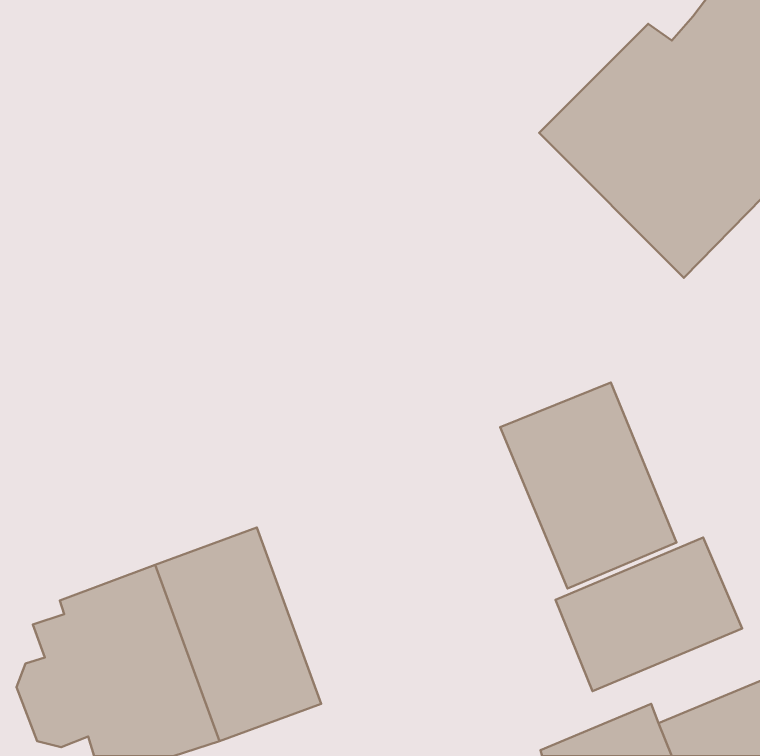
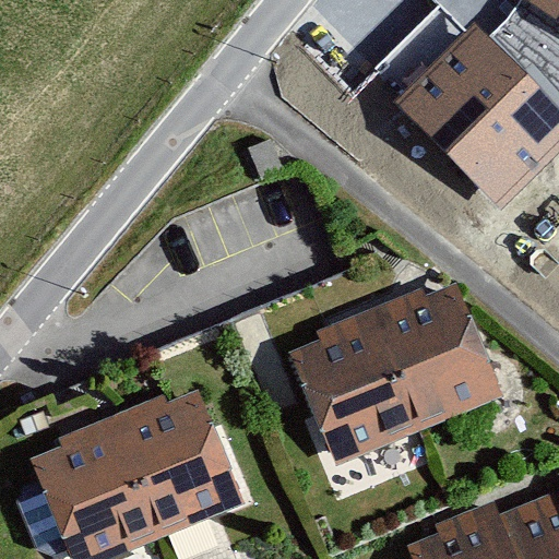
building: none -> [288,312,417,463]
building: [555,538,742,691] -> none

